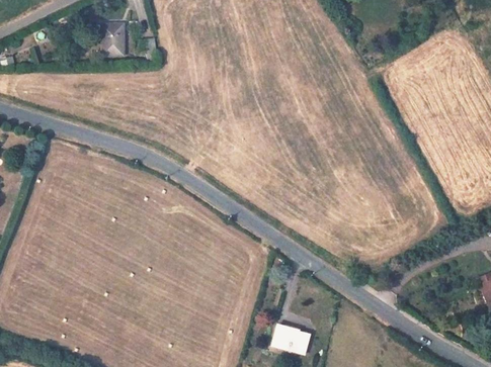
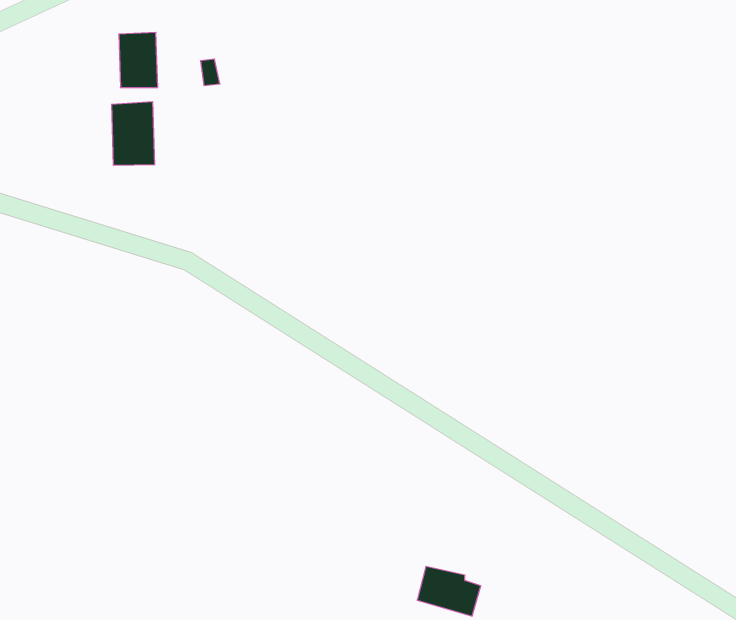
building: none -> [112,102,155,165]

